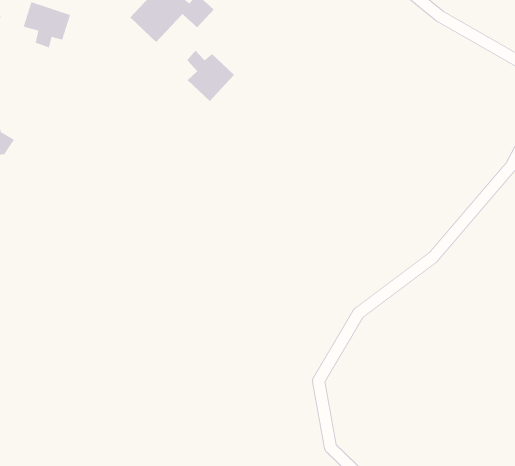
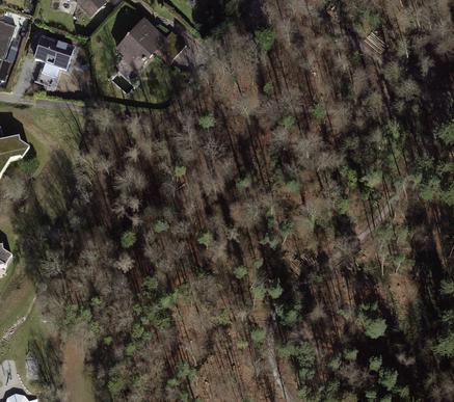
building: [187,50,235,102] -> none

